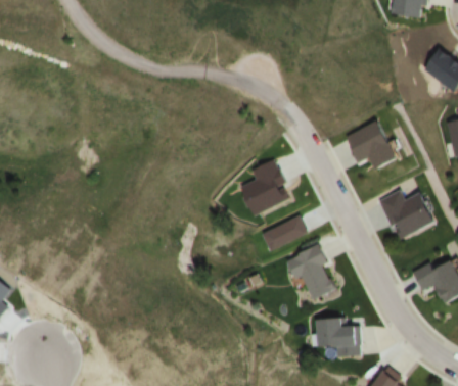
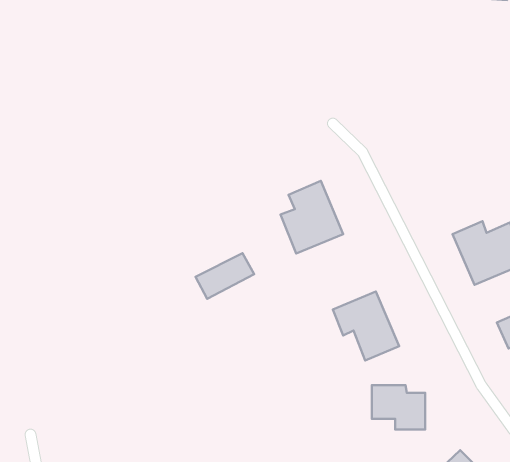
building: [347,119,398,168] -> none
building: [260,215,306,251] -> [196,253,254,299]

